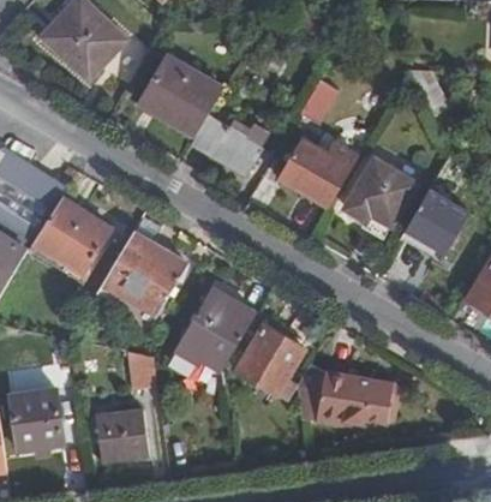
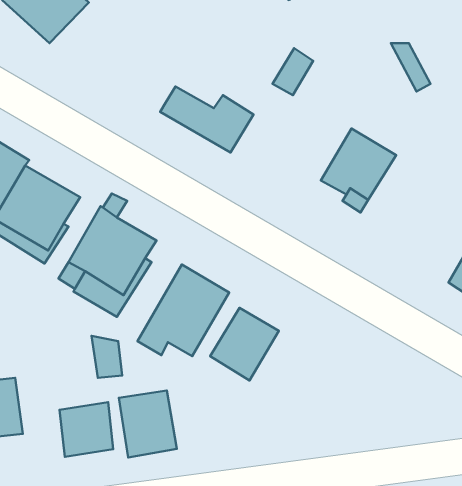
building: [142,50,227,132] -> none
building: [276,136,357,205] -> none
building: [403,191,465,252] -> none
building: [297,361,400,424] -> none
building: none -> [119,391,177,457]

